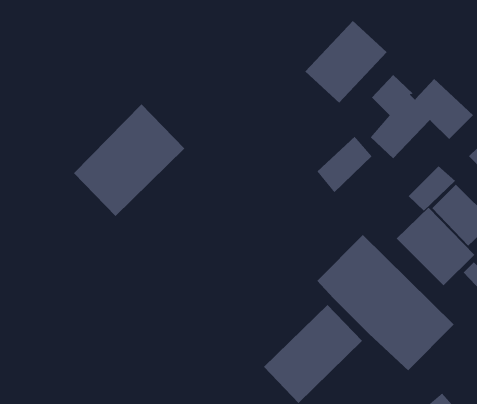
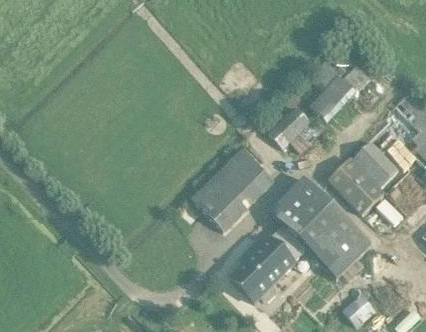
building: [305,20,387,104] -> none
building: [73,103,185,217] -> [192,147,274,230]
building: [408,166,456,211] -> none

